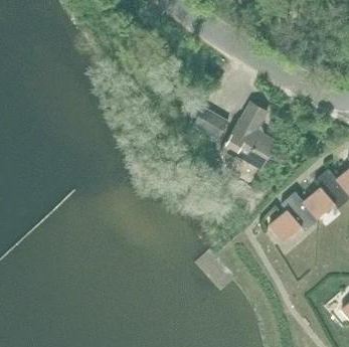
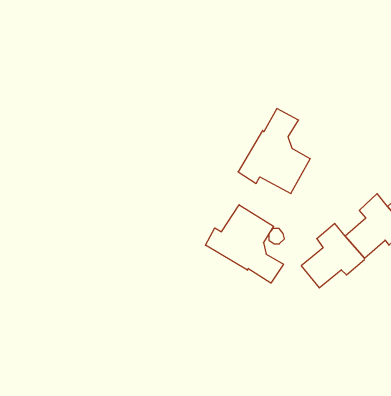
building: [193,106,229,138] -> none
building: none -> [205,205,283,283]

